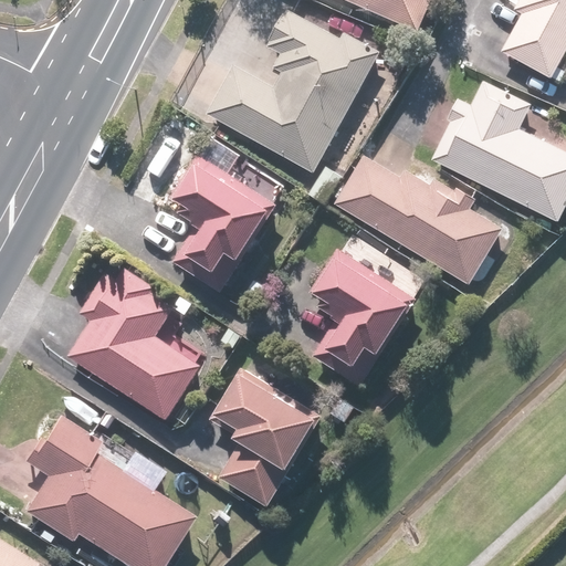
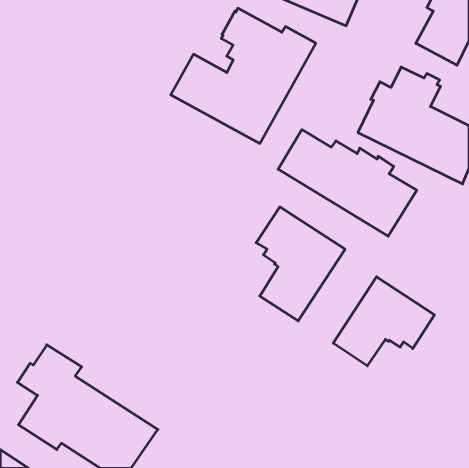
building: [169,155,275,292] -> none
building: [67,269,201,419] -> none
building: none -> [333,277,434,366]
building: [209,367,321,506] -> none

